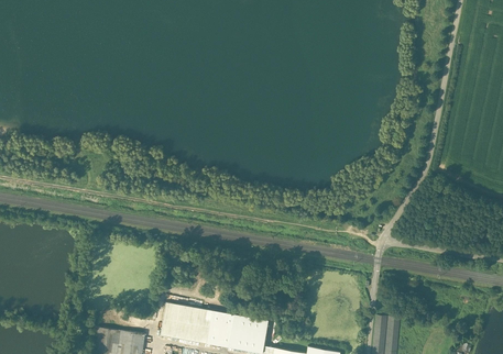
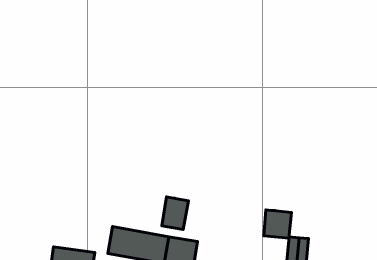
building: none -> [162,197,188,229]
building: none -> [264,210,292,238]

